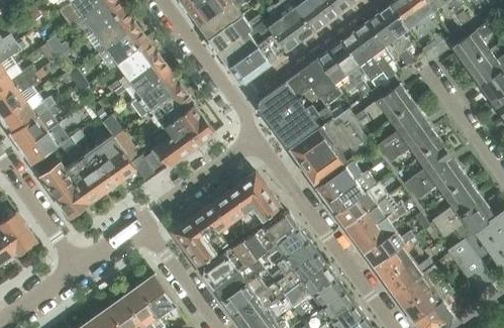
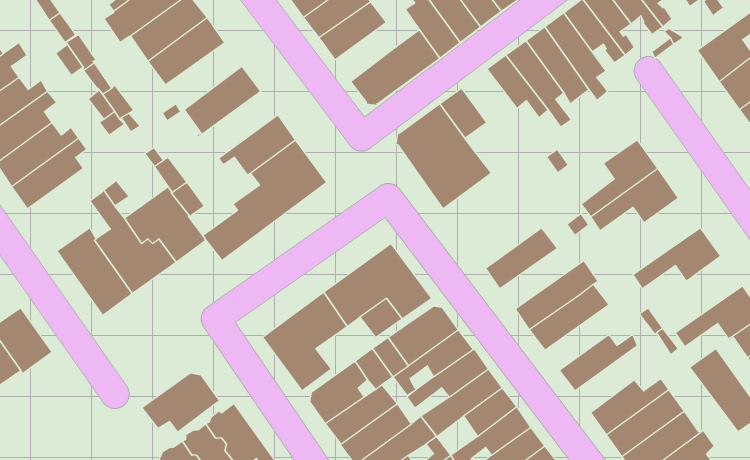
building: [218,32,258,68] -> none
building: [116,42,159,86] -> none
building: [300,60,341,107] -> none
building: [130,74,182,118] -> none
building: [365,85,413,120] -> none
building: [288,110,373,185] -> none
building: [20,123,68,165] -> none
building: [404,142,453,192] -> none
building: [324,172,376,214] -> none
building: [431,180,481,229] -> none
building: [354,206,406,253] -> none
building: [373,237,417,281] -> none
building: none -> [142,373,219,432]

